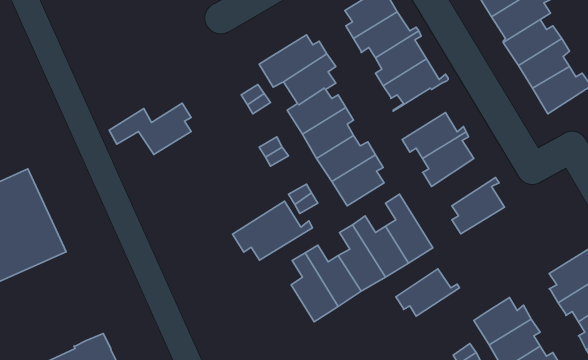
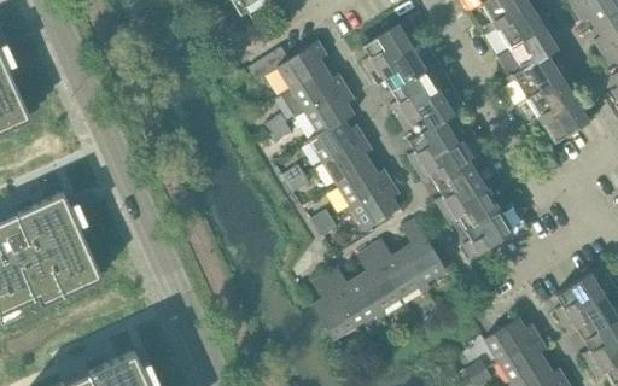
building: none -> [409,119,459,168]
building: [109,103,191,154] -> [250,42,327,90]
building: [233,201,313,260] -> none
building: [396,269,460,316] -> [445,186,506,230]

